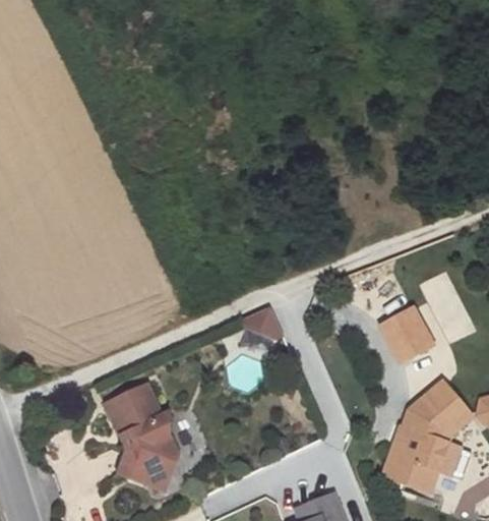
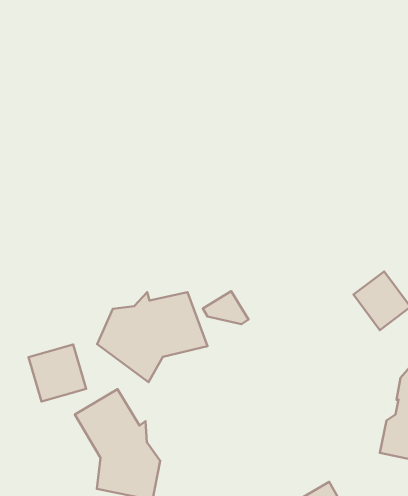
building: none -> [97,292,208,382]
building: none -> [28,344,86,401]

